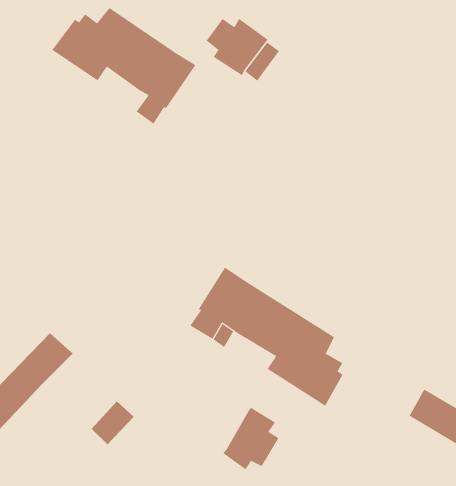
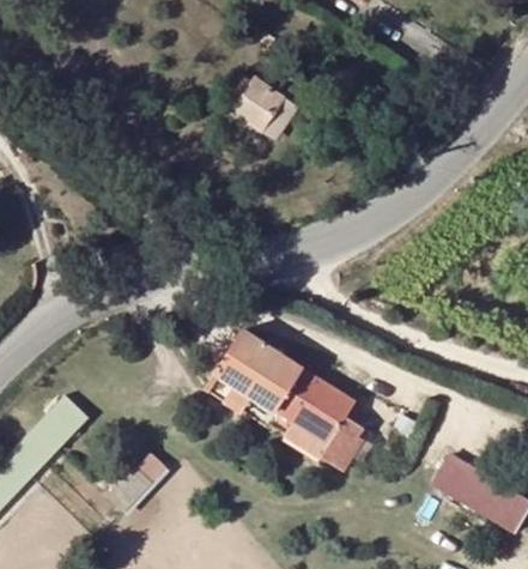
building: [51,7,196,125] -> none
building: [223,407,279,470] -> none

